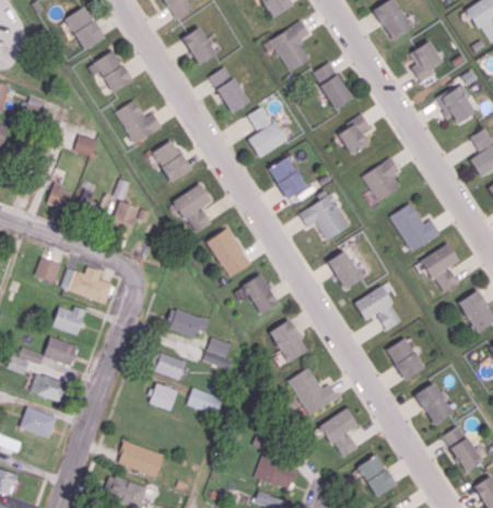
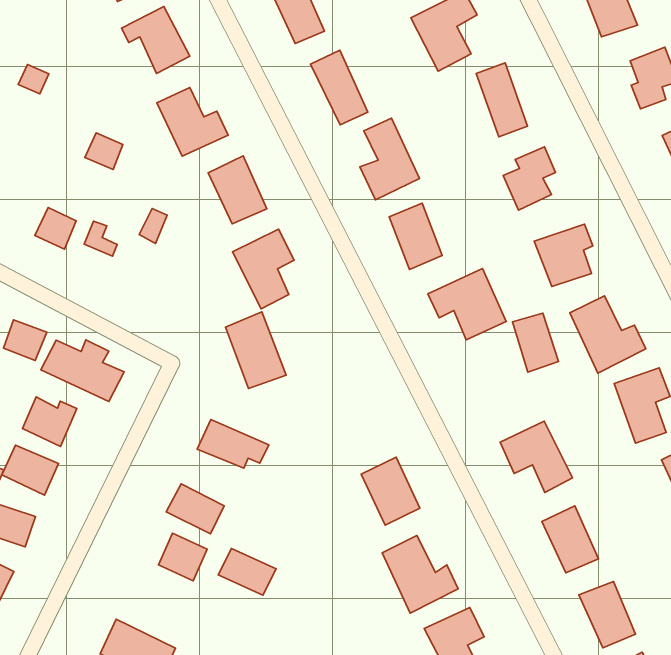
building: [108,200,139,234] -> none
building: [208,228,249,277] -> [226,312,286,388]
building: [329,251,361,289] -> [512,313,558,372]
building: [242,274,279,314] -> none
building: [204,338,231,369] -> none

